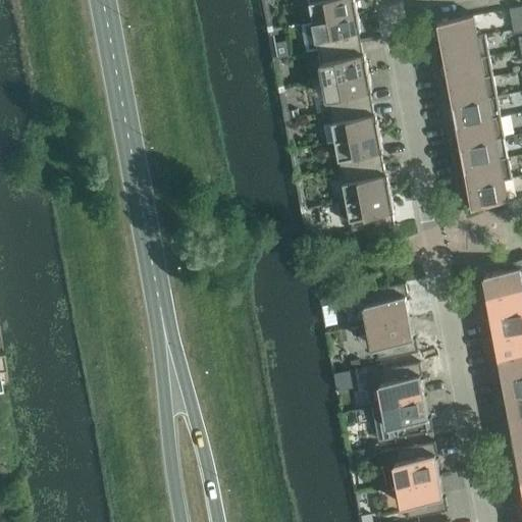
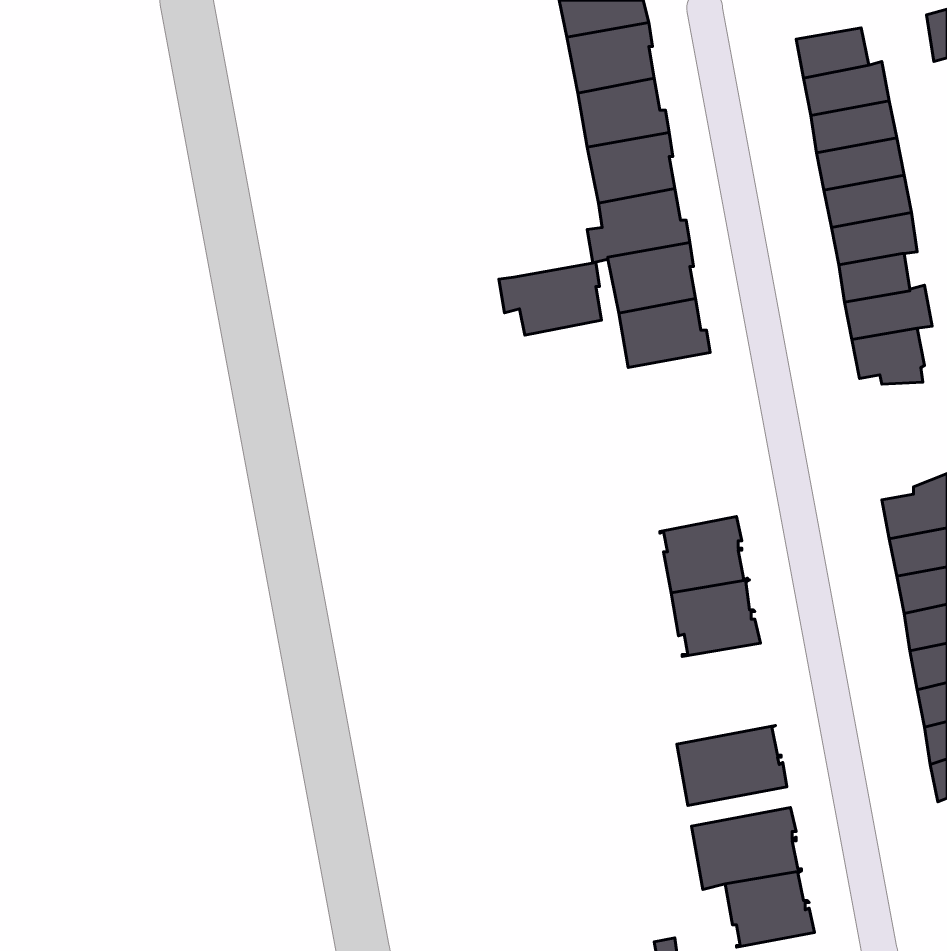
building: [335,194,392,233] -> [499,262,601,335]
building: [363,363,424,408] -> none

